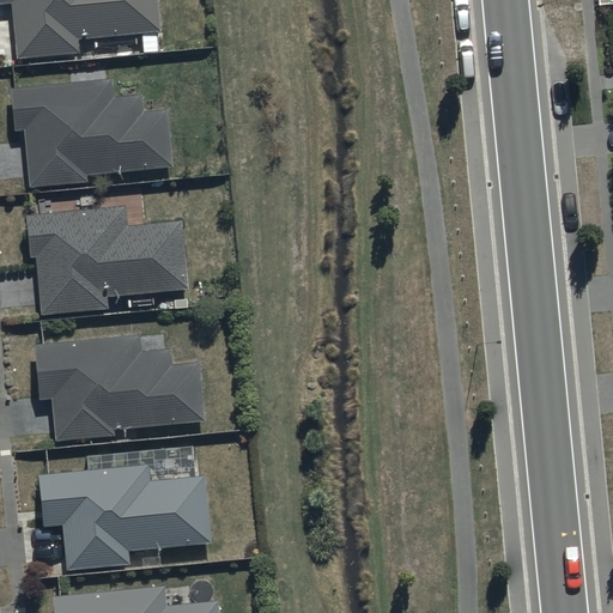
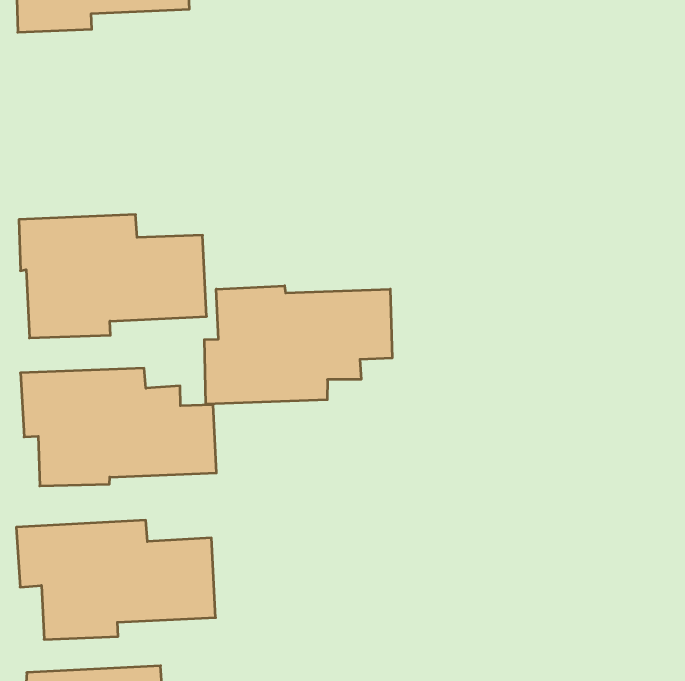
building: [11,79,172,187] -> none
building: none -> [204,286,392,404]

